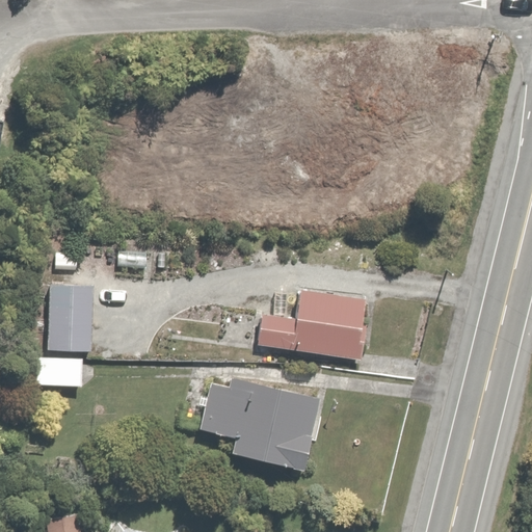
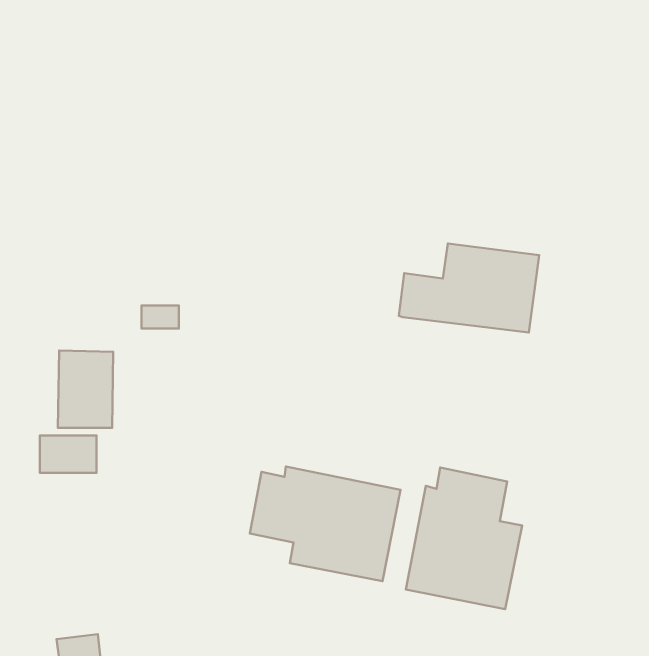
building: [254,288,367,360] -> [399,244,539,332]
building: none -> [406,468,522,609]

